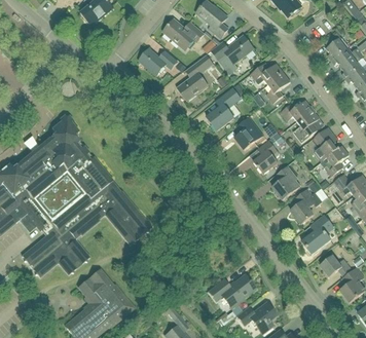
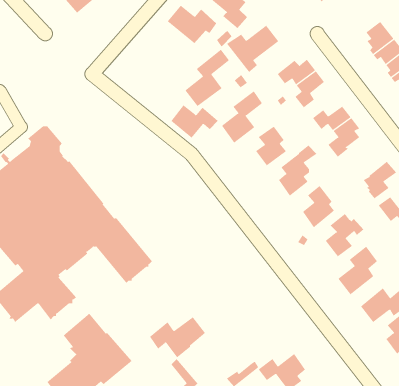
building: [139,47,178,75] -> [170,104,219,139]
building: [314,126,338,161] -> none
building: [209,273,255,307] -> [149,317,206,358]

